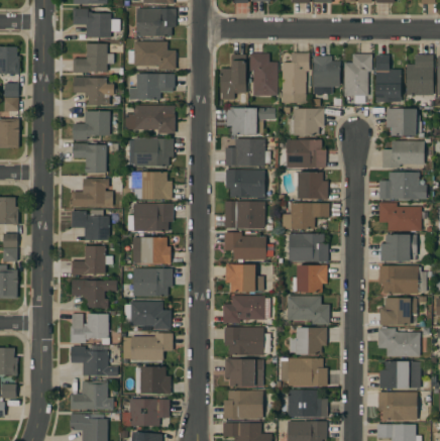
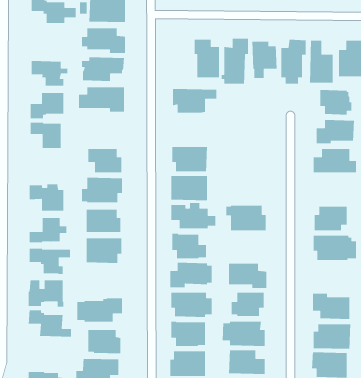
building: [73,43,113,73] -> none
building: [220,54,245,99] -> none
building: [290,108,324,135] -> none
building: [128,137,174,167] -> none
building: [224,138,269,167] -> none
building: [286,139,326,168] -> none
building: [291,172,327,199] -> none
building: [72,179,112,207] -> none
building: [378,202,421,232] -> none
building: [282,203,329,229] -> none
building: [293,264,327,293] -> none
building: [378,296,416,326] -> none
building: [123,301,171,329] -> none
building: [70,381,113,409] -> none

